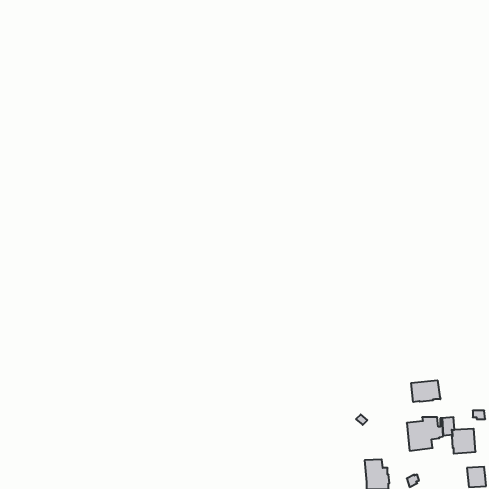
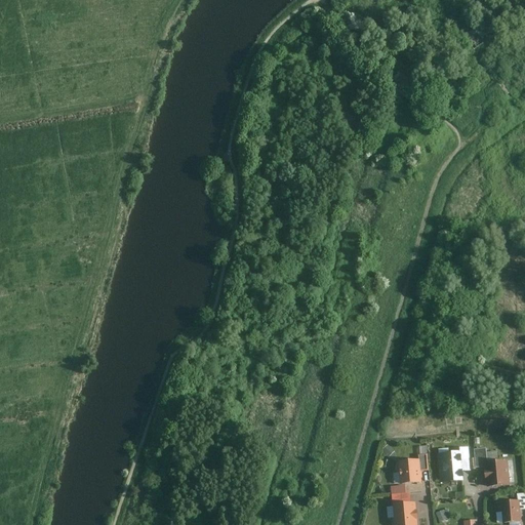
building: [411,380,440,402] -> none
building: none -> [397,453,428,484]

